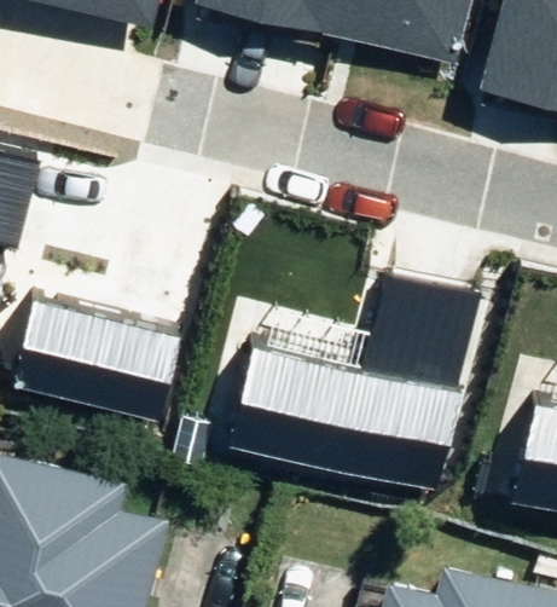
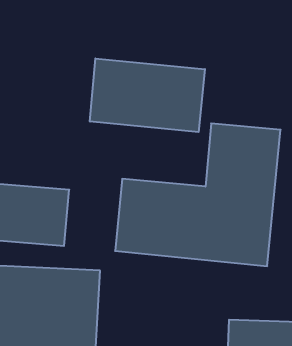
building: none -> [90,58,205,132]

